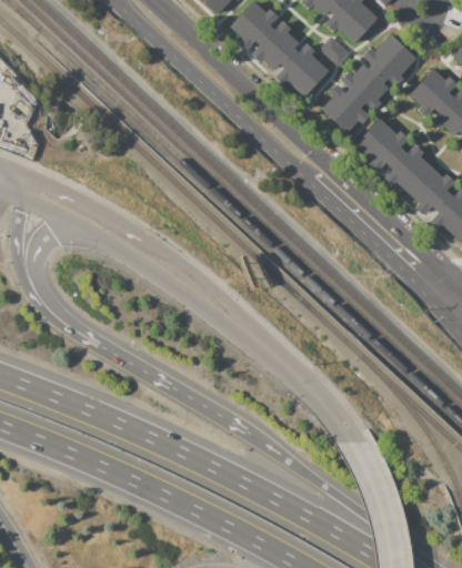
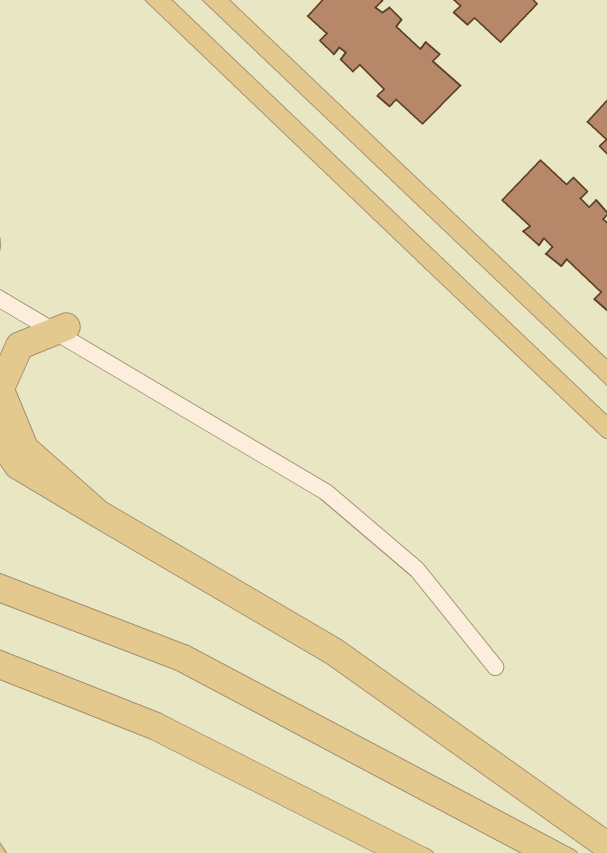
building: [321,34,418,134] -> none
building: [319,37,351,68] -> none

